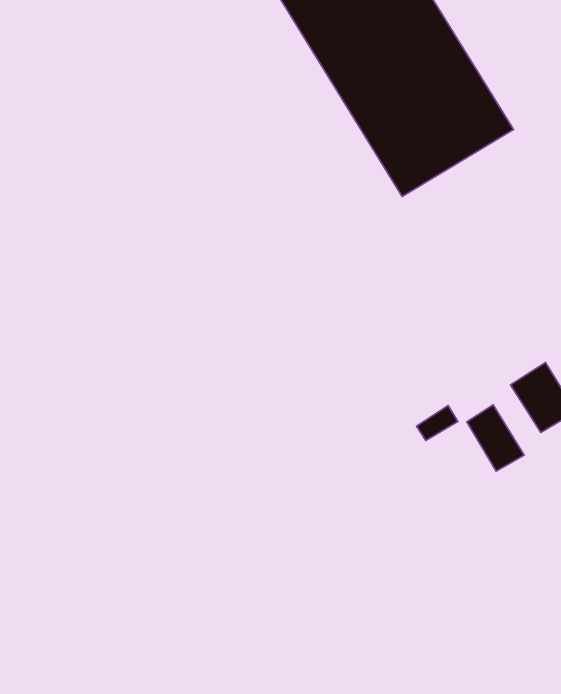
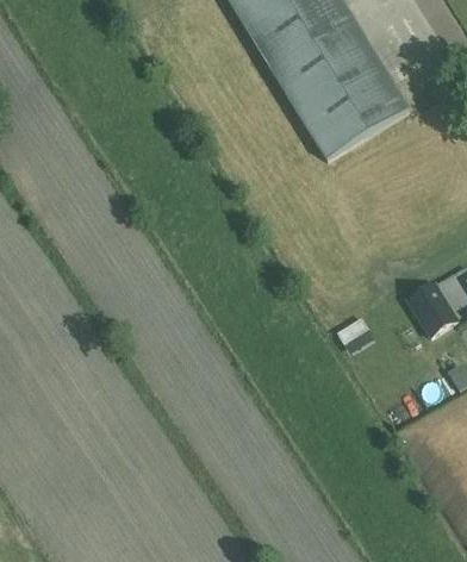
building: [467,405,524,471] -> none

